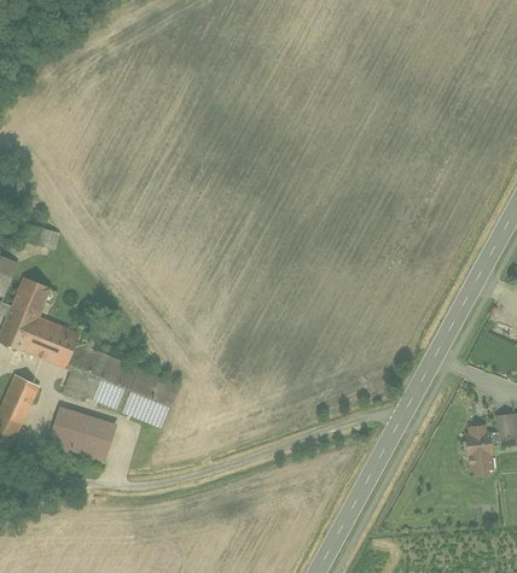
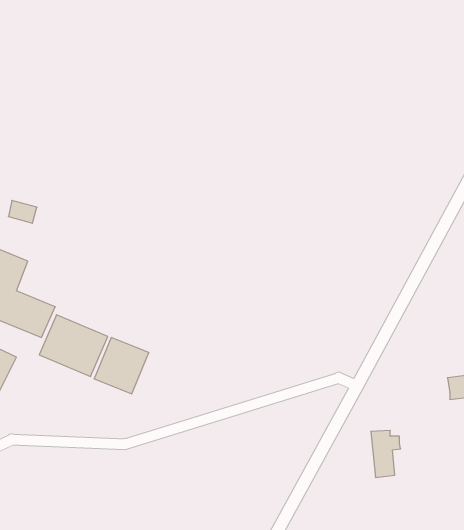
building: [46,409,115,463] -> none
building: [467,420,499,469] -> [371,430,401,477]

